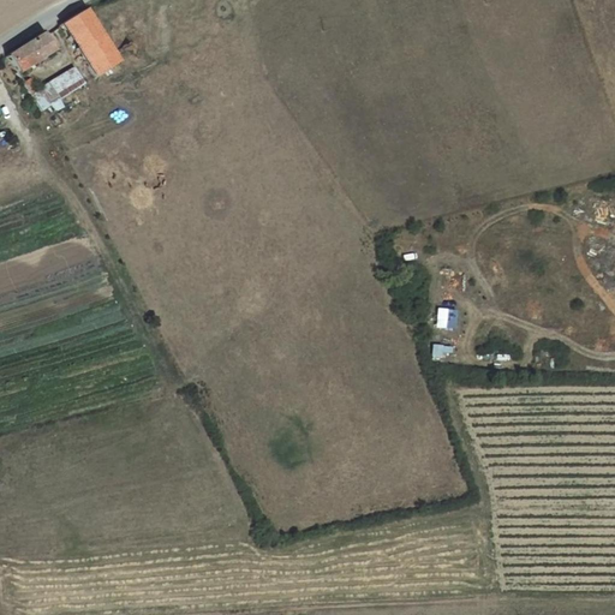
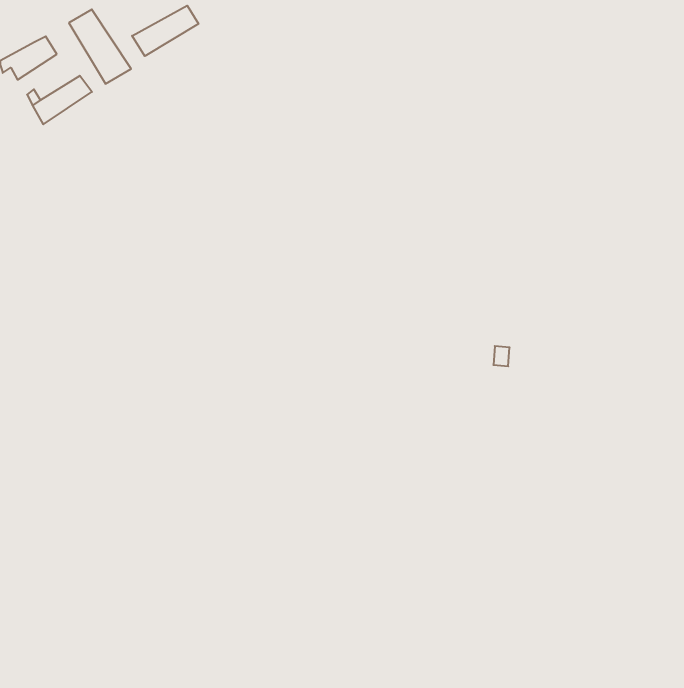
building: none -> [132,6,198,56]

